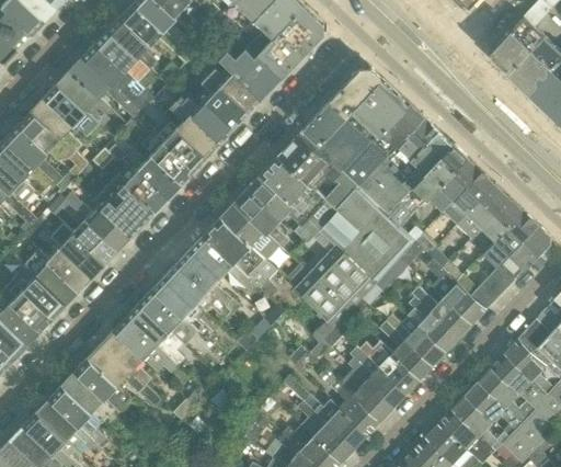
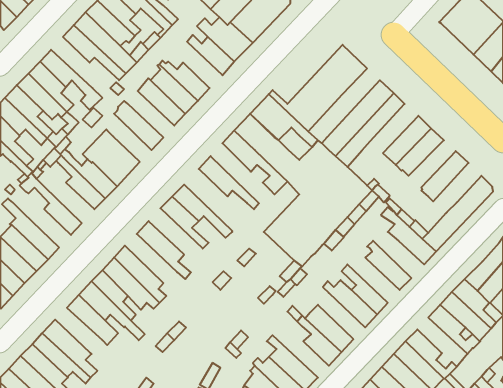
building: [304,68,381,145] -> none
building: [57,70,110,127] -> none
building: [201,76,248,127] -> none
building: [343,105,423,189] -> none
building: [142,132,194,182] -> none
building: [387,145,466,227] -> none
building: [119,161,169,209] -> none
building: [455,185,507,238] -> none
building: [234,189,296,255] -> none
building: [482,210,536,266] -> none
building: [205,217,277,298] -> none
building: [49,221,105,277] -> none
building: [26,252,79,305] -> none
building: [165,261,230,318] -> none
building: [411,286,472,339] -> none
building: [139,289,197,346] -> none
building: [385,315,445,366] -> none
building: [348,346,407,407] -> none
building: [61,372,114,422] -> none
building: [283,375,366,449] -> none
building: [465,383,520,437] -> none

